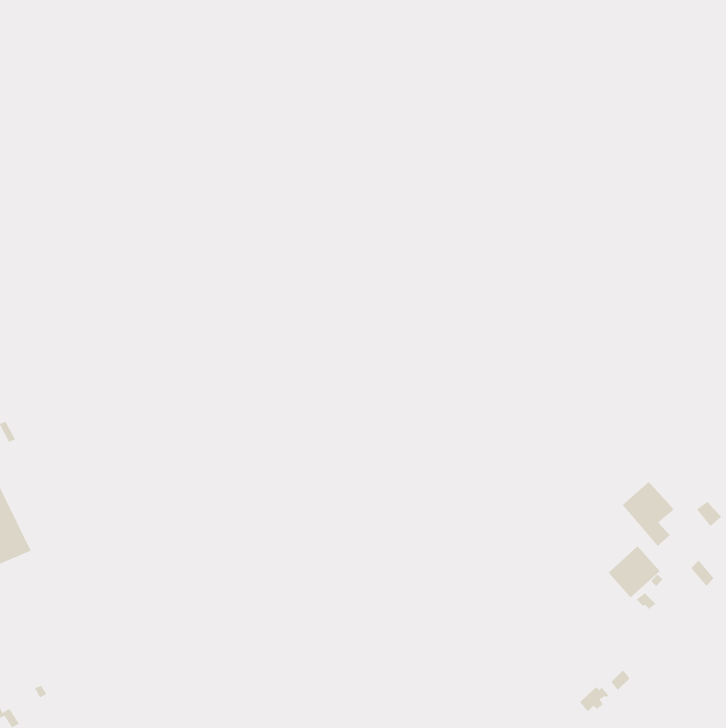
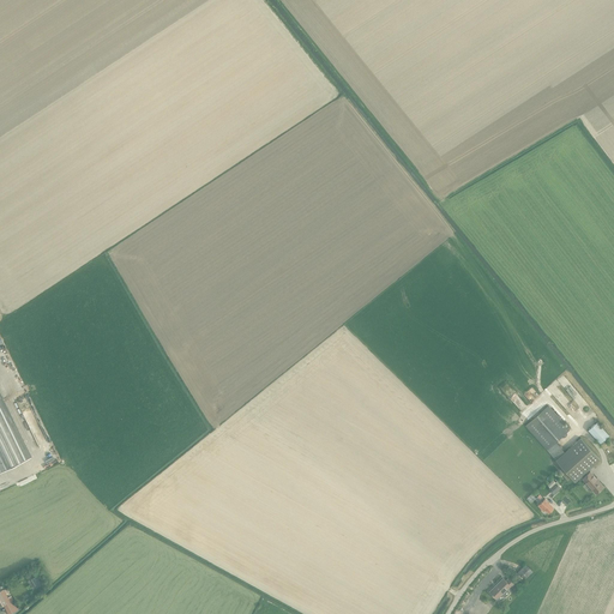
building: [608,545,660,598] -> [553,437,597,481]

